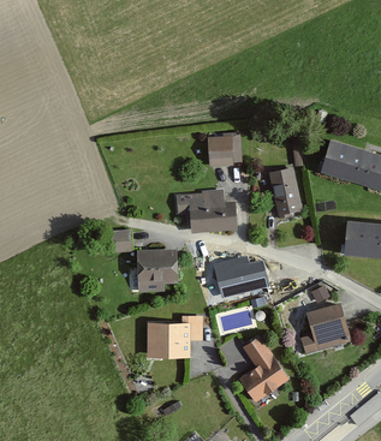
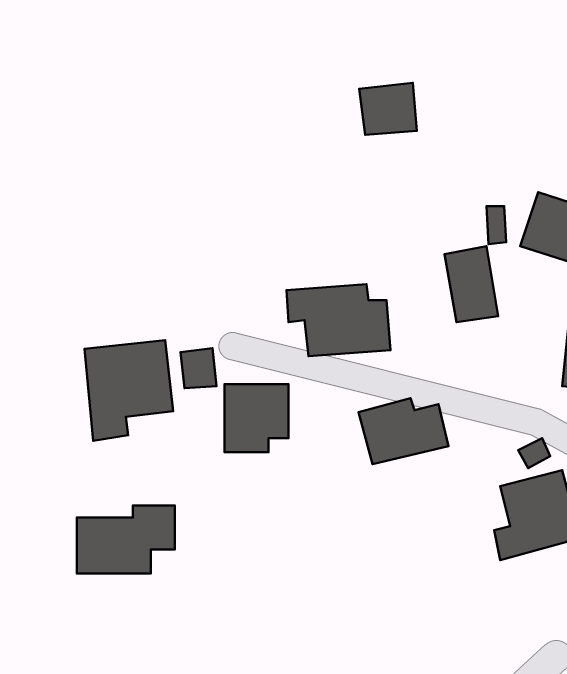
building: [208,133,243,165] -> [359,83,417,135]
building: none -> [84,340,173,441]
building: [145,316,204,357] -> [77,505,175,573]
building: [238,336,290,404] -> none

